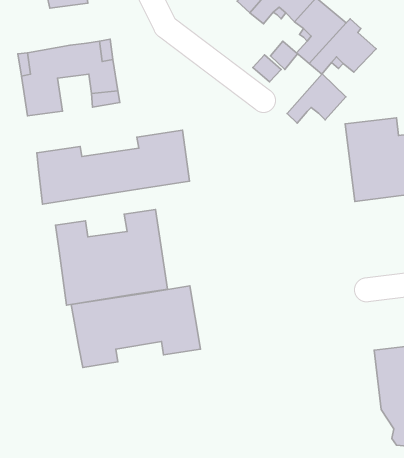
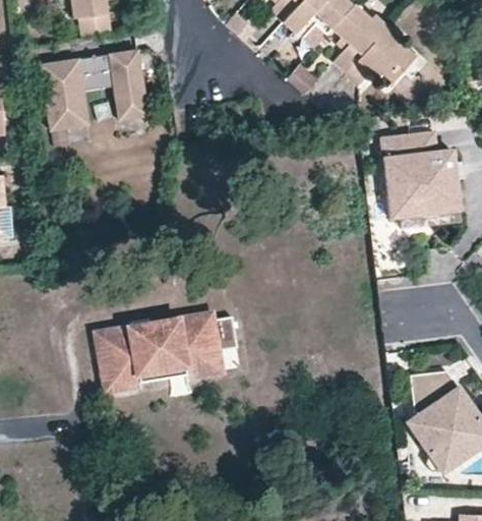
building: [287,74,346,123] -> none
building: [37,130,190,204] -> none
building: [56,209,167,305] -> none

